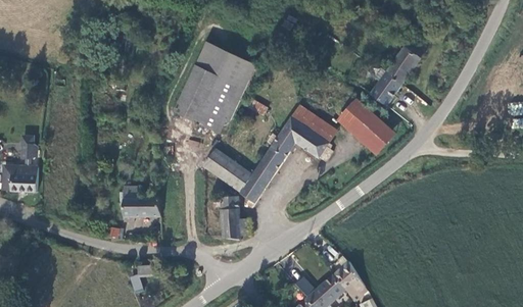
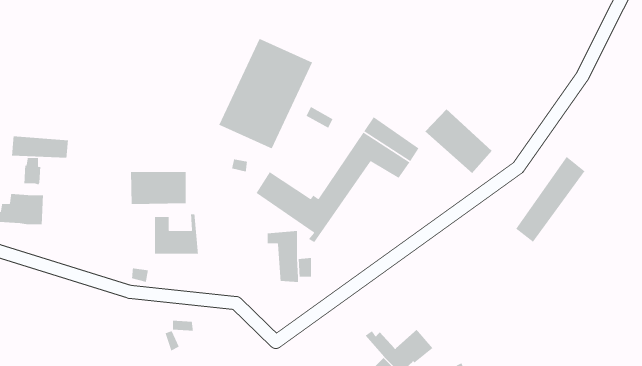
building: [371,36,427,105] -> [515,156,586,243]
building: none -> [11,135,69,158]
building: none -> [130,171,187,205]
building: [333,262,364,294] -> none

